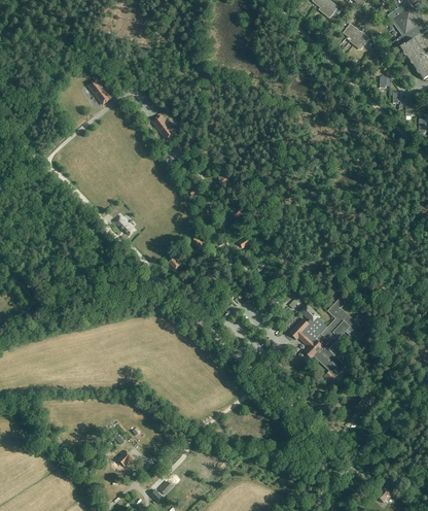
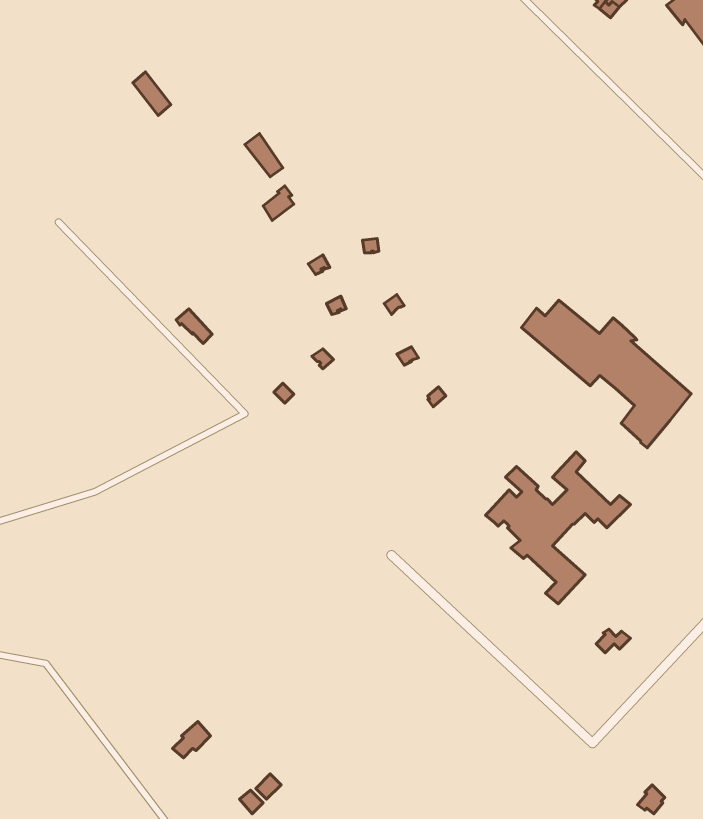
building: none -> [521,300,691,448]

